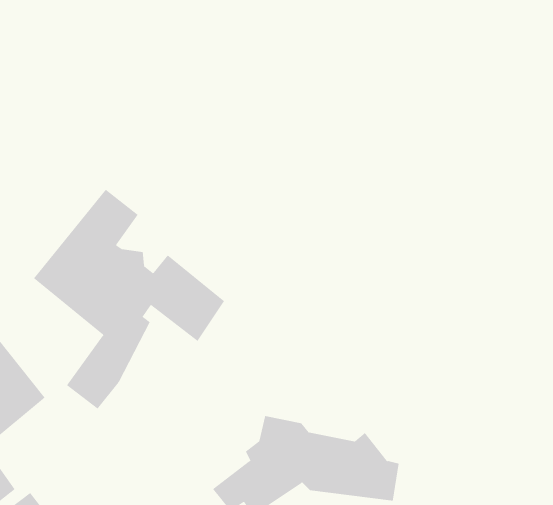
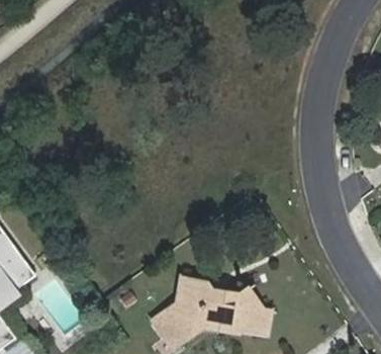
building: [33,189,225,409] -> none

